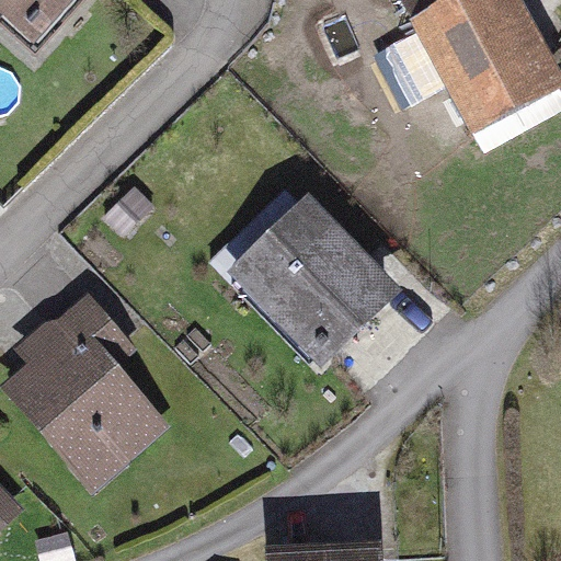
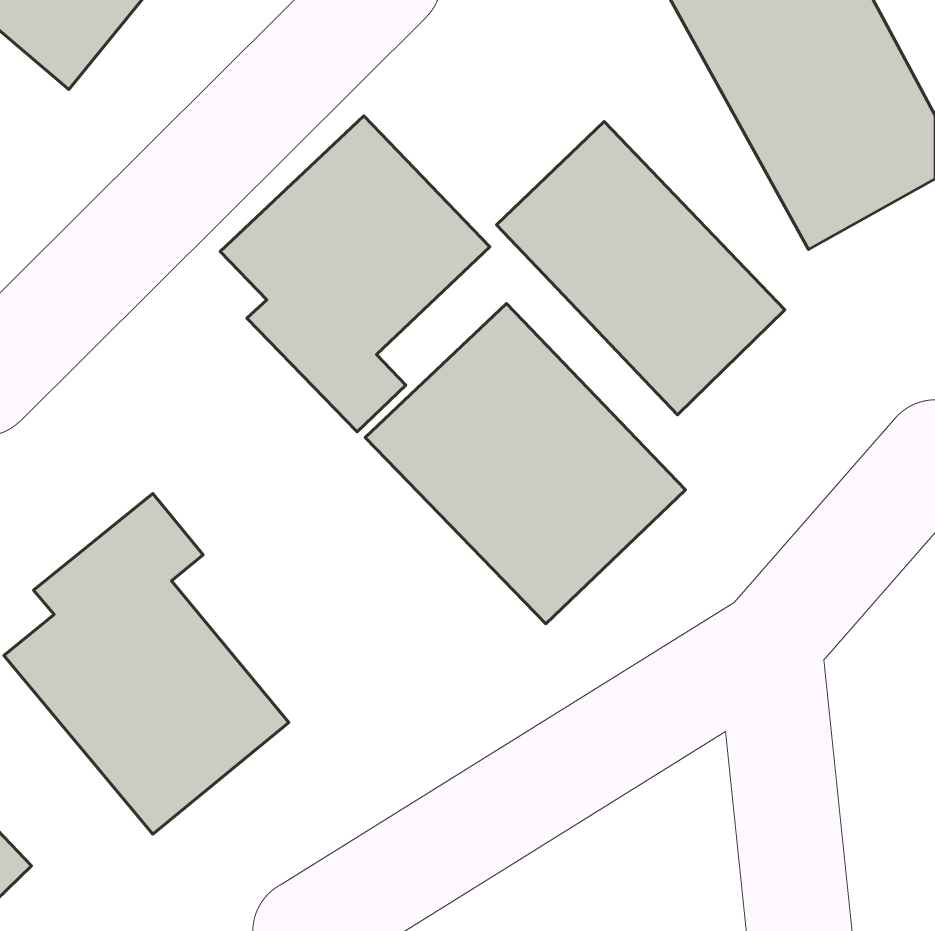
building: none -> [220,116,490,432]
building: none -> [496,121,785,415]

